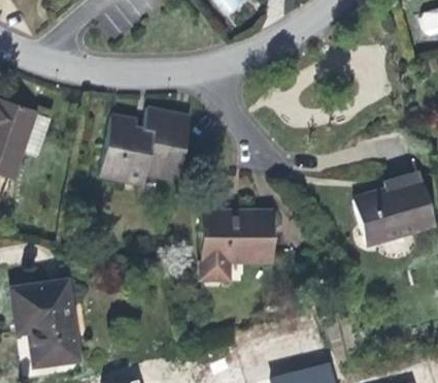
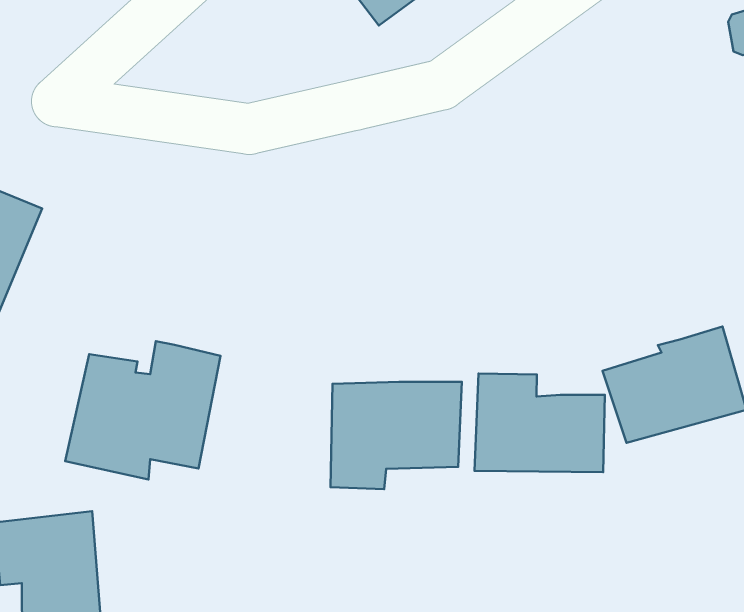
building: [99,113,186,190] -> [65,341,221,480]
building: none -> [475,373,605,472]

